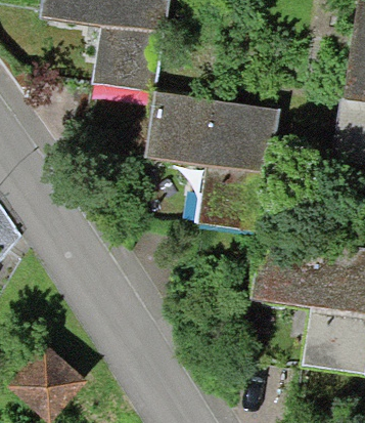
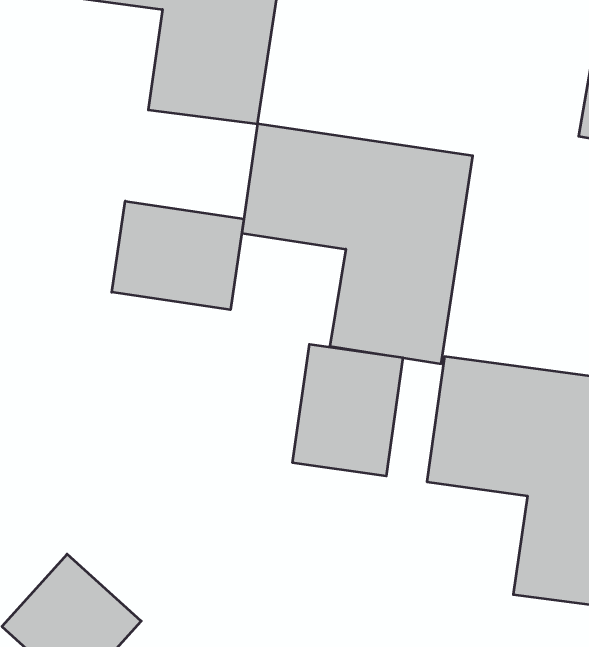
building: none -> [112,201,244,310]
building: none -> [293,344,403,476]

